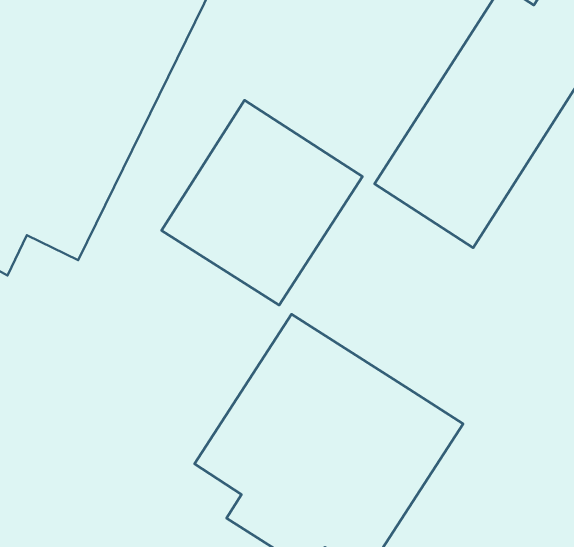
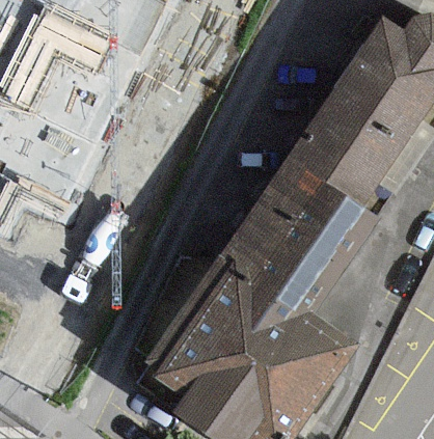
building: [161,100,362,305] -> [222,161,373,314]

